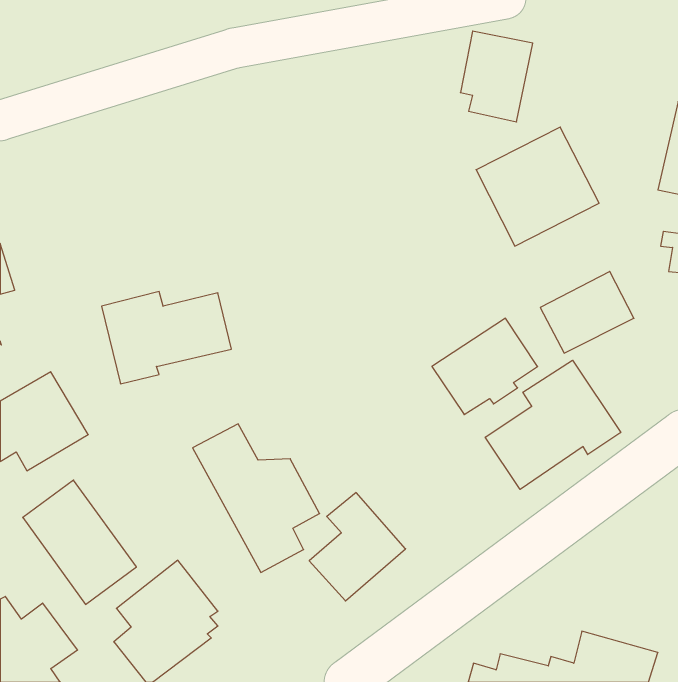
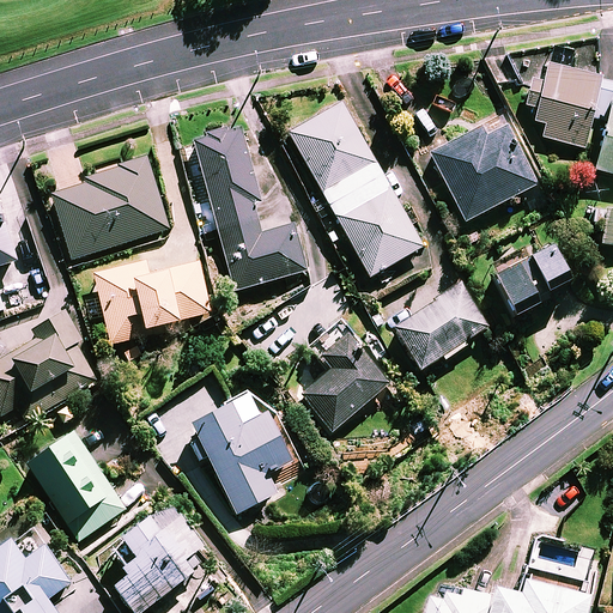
building: [460,31,533,122] -> [536,65,601,146]
building: none -> [286,103,424,277]
building: none -> [195,126,308,290]
building: none -> [54,157,170,259]
building: [485,360,621,489] -> none
building: [309,493,406,601] -> [302,333,388,430]

